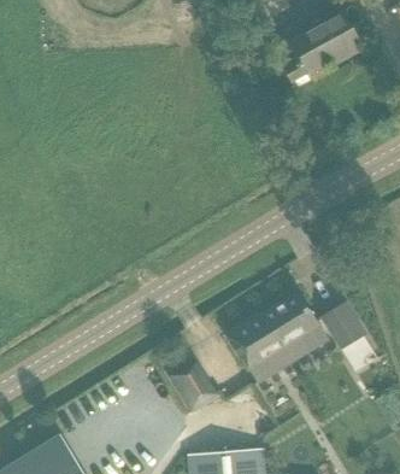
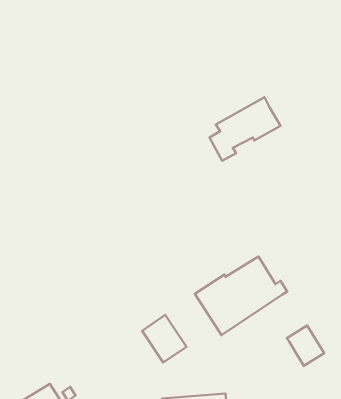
building: [280,14,360,87] -> [210,97,280,161]
building: [320,303,363,349] -> [287,326,324,366]

